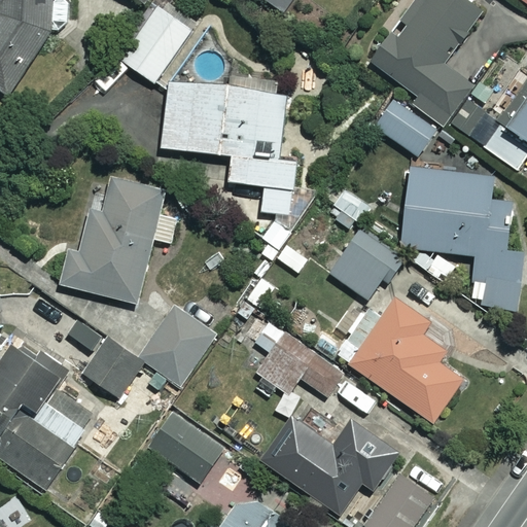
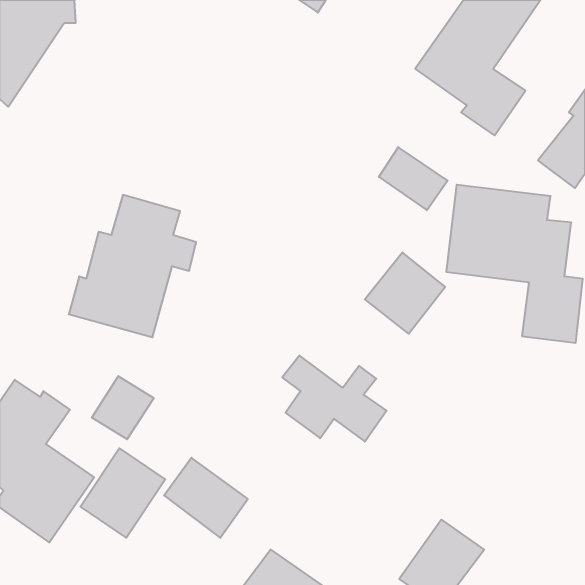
building: [119,6,190,82] -> none
building: [161,78,297,229] -> none
building: [375,99,436,155] -> [379,147,448,210]
building: [350,297,461,420] -> none
building: [140,307,216,387] -> [80,448,165,538]
building: [262,415,400,514] -> none

